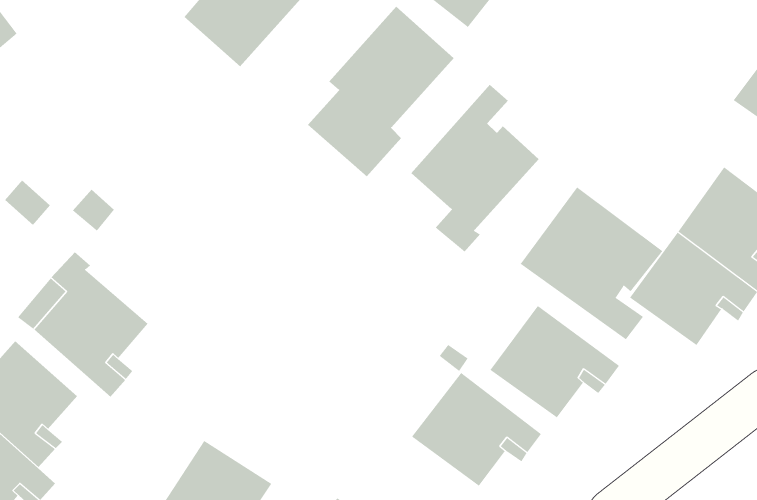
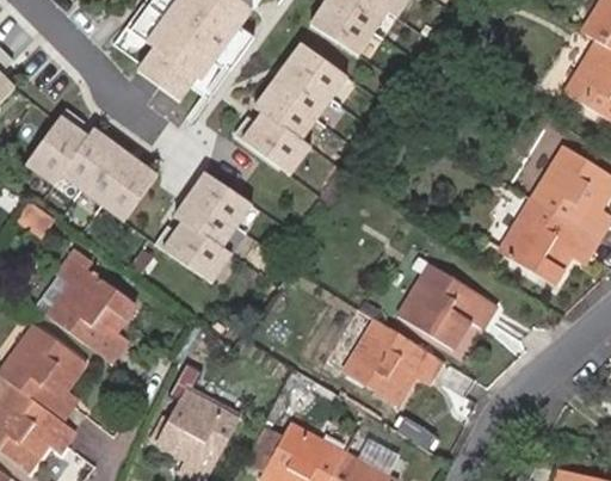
building: none -> [27,116,162,224]
building: [411,84,539,253] -> none
building: none -> [162,173,253,285]
building: [520,186,663,340] -> none

